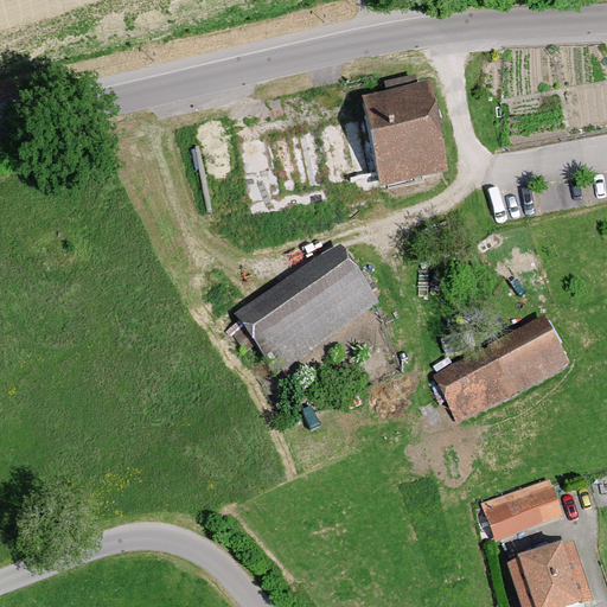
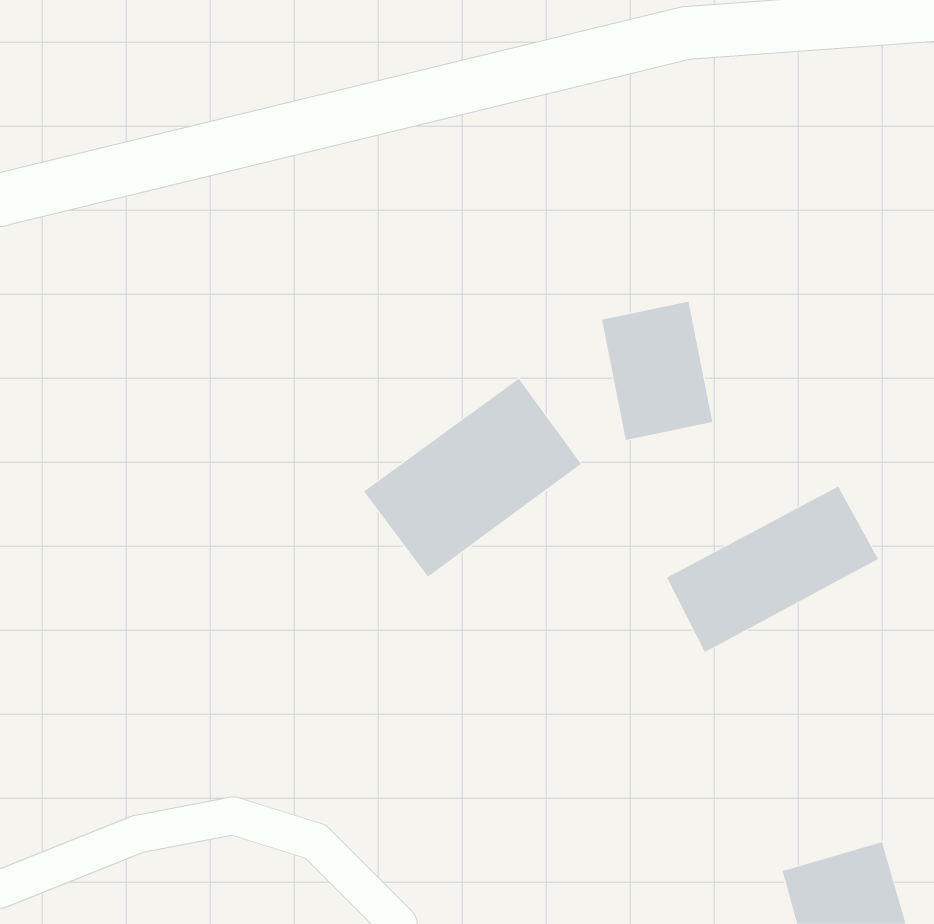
building: [372,82,445,172] -> [601,301,713,440]
building: [483,480,561,537] -> none

